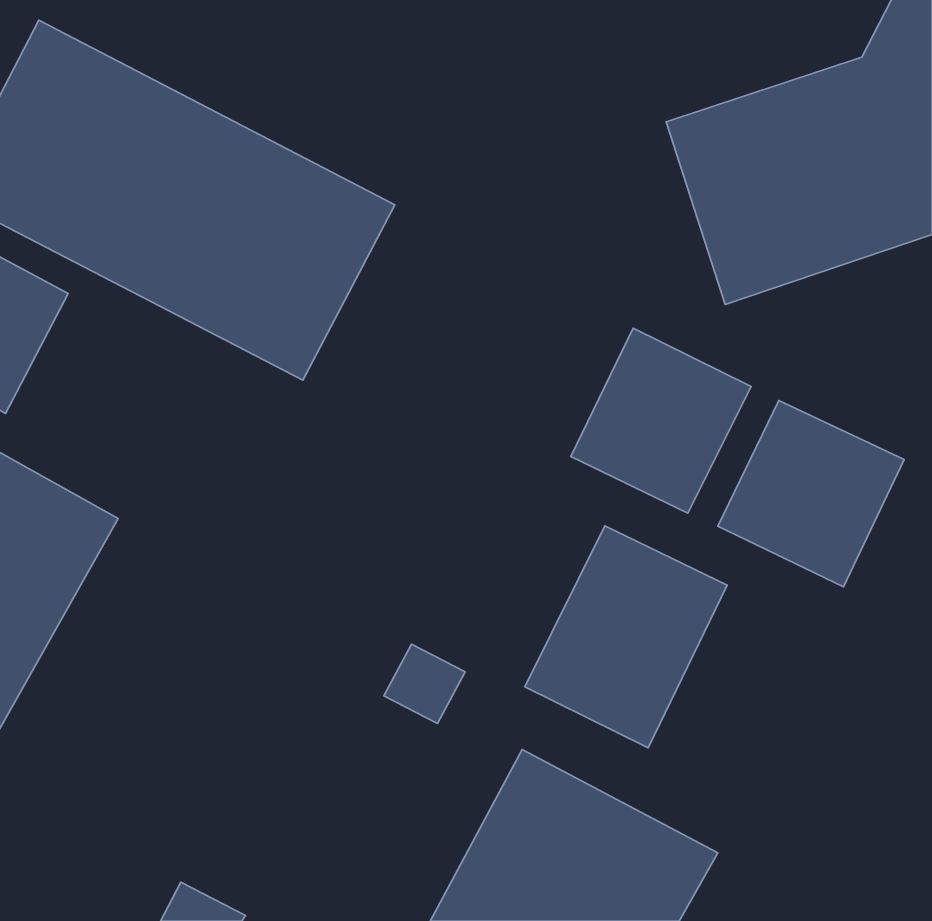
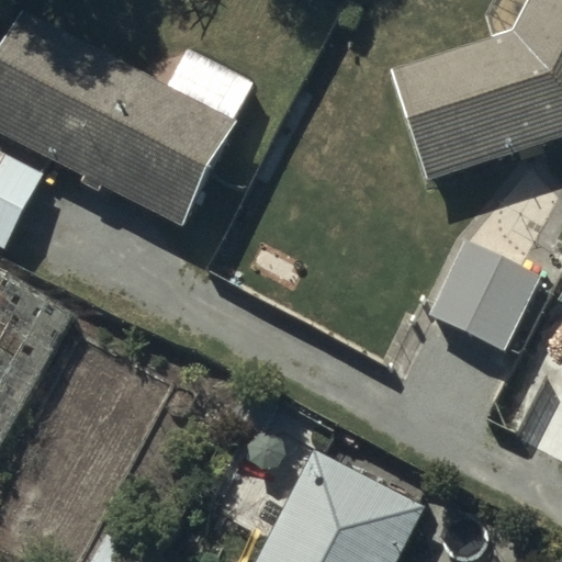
building: [571,328,751,513] -> none
building: [525,526,727,748] -> none

